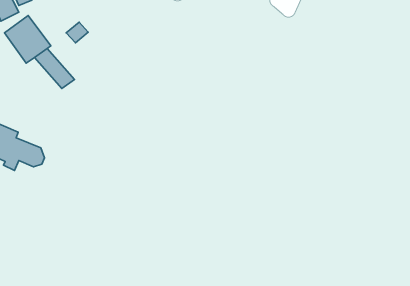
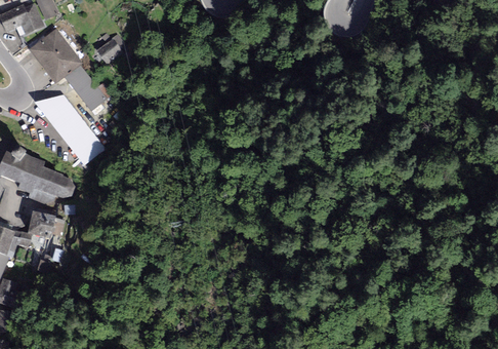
building: none -> [36,93,105,166]
building: none -> [29,212,63,240]

